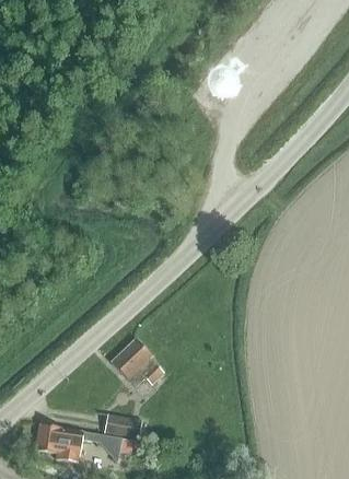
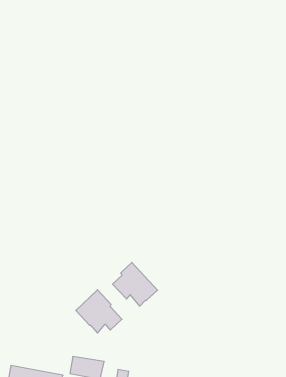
building: none -> [113,262,158,306]

